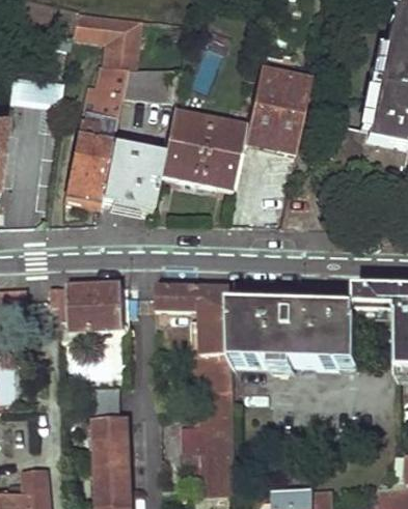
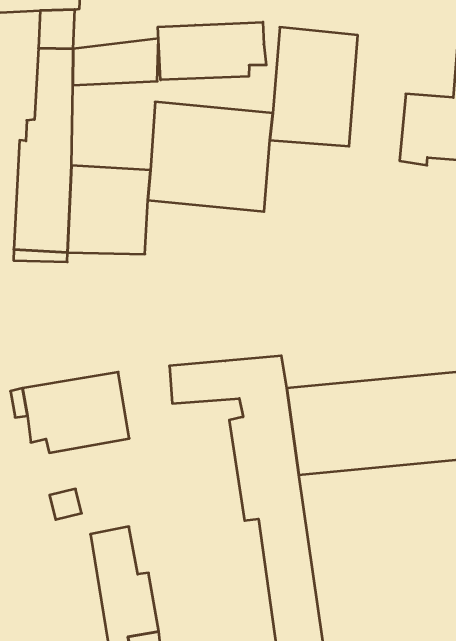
building: none -> [158,22,266,80]

